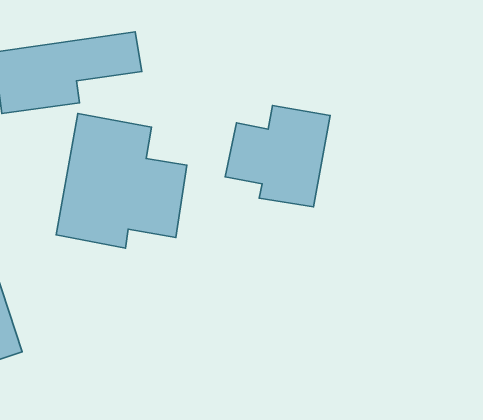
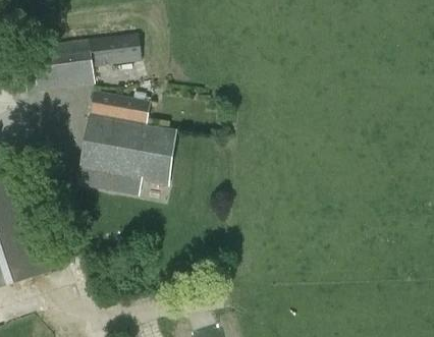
building: [225,106,330,207] -> none

